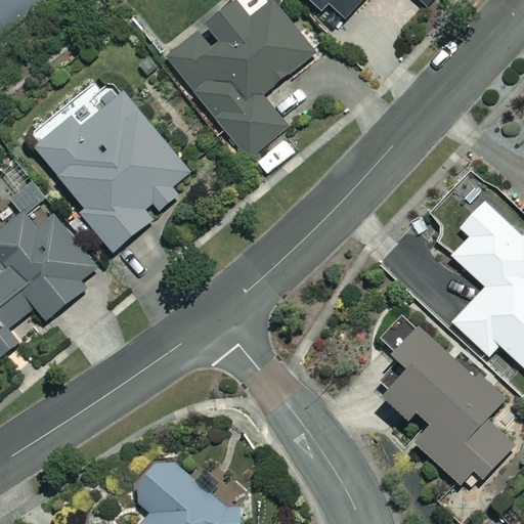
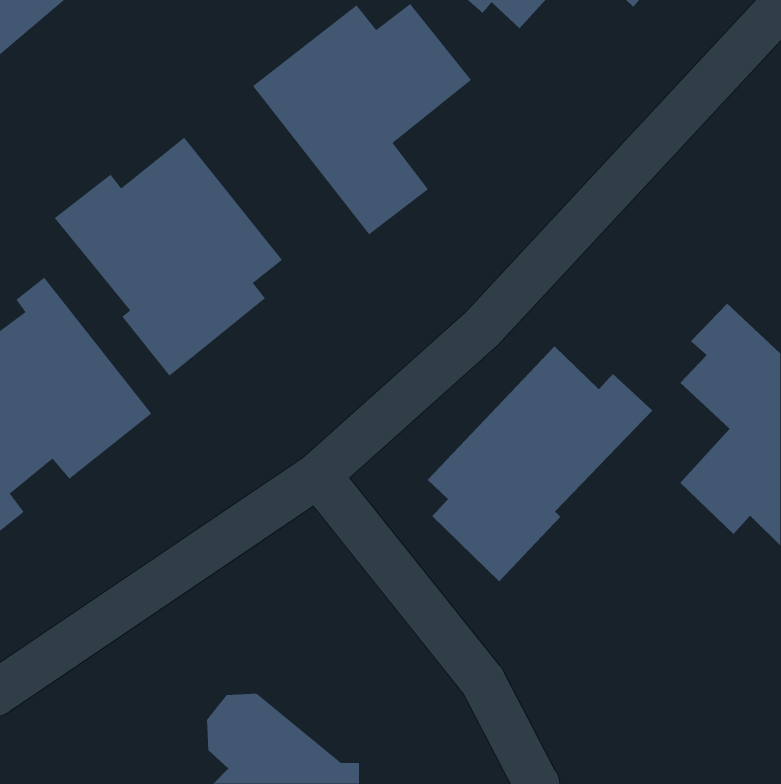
building: none -> [427,346,653,582]
building: [378,309,514,491] -> none

